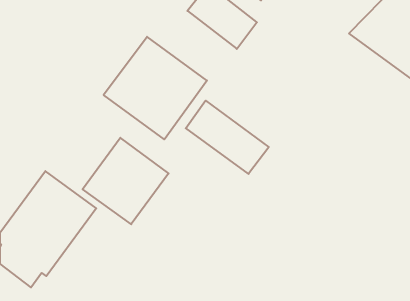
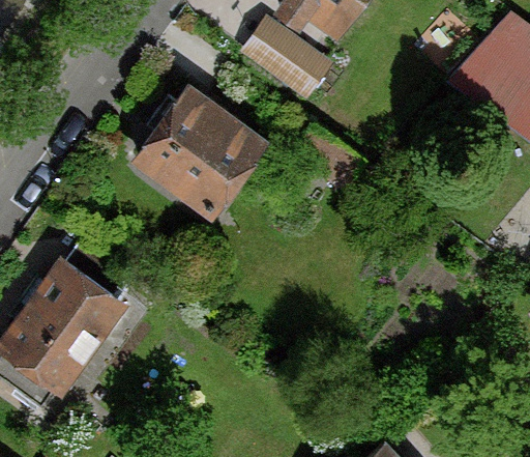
building: [186,101,269,174] -> none
building: [83,138,169,224] -> none

